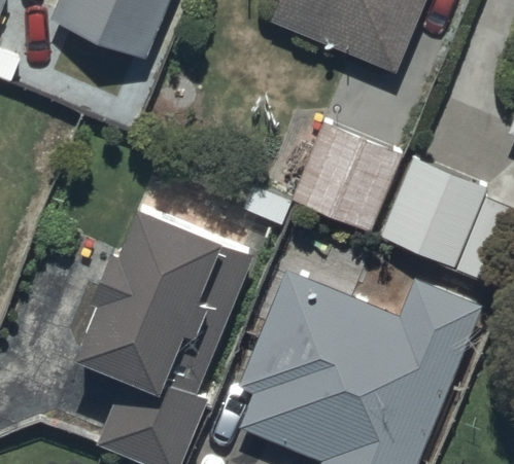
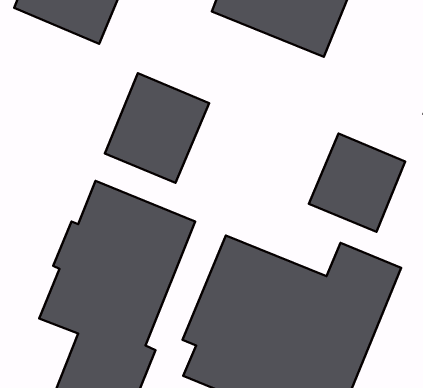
building: none -> [105,73,209,183]
building: [292,122,402,233] -> none

